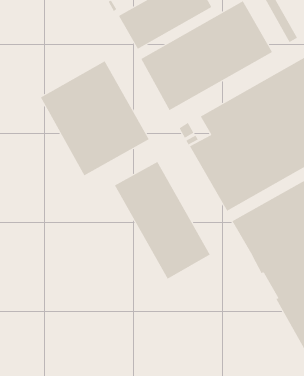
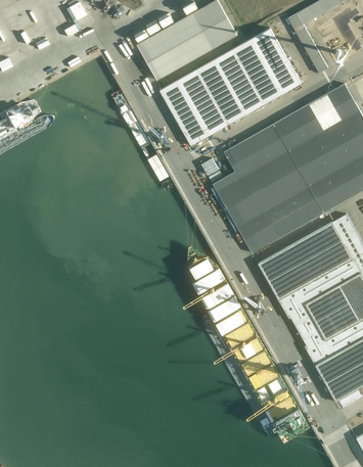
building: [40,60,149,176] -> none
building: [114,161,210,280] -> none

